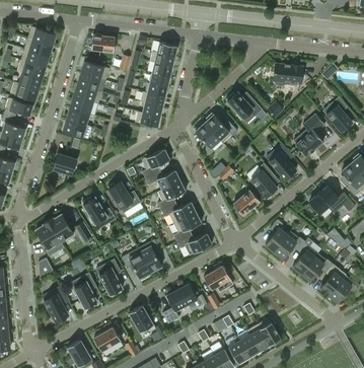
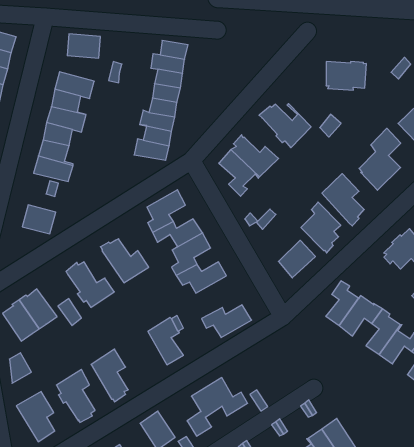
building: [173,212,201,241] -> none
building: [121,248,150,281] -> none
building: [204,266,233,291] -> none

